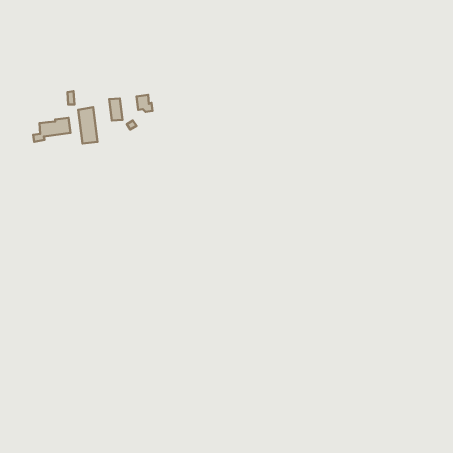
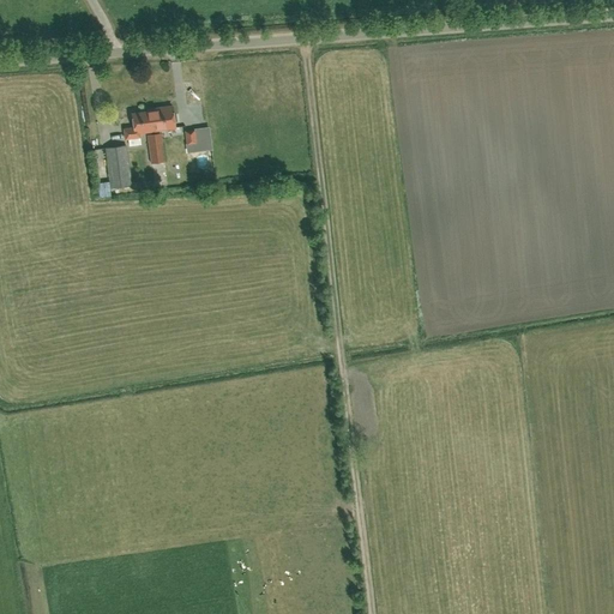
building: [33,118,70,142] -> [124,107,174,139]

